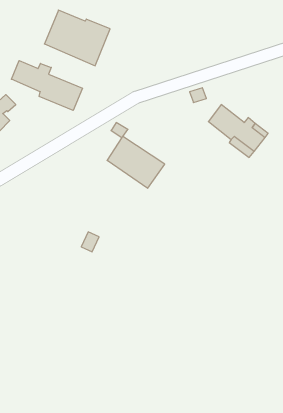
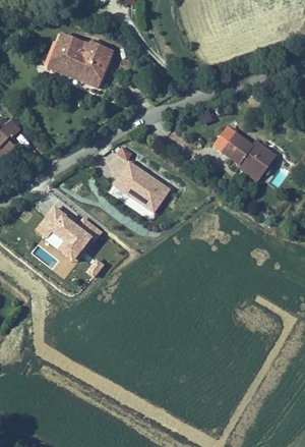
building: [11,61,83,110] -> none
building: none -> [35,207,93,264]

